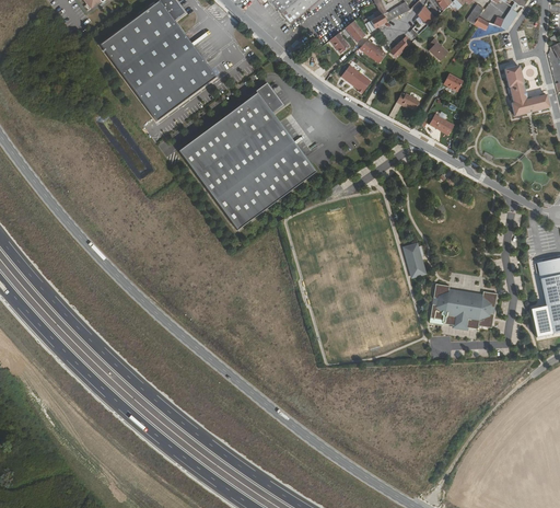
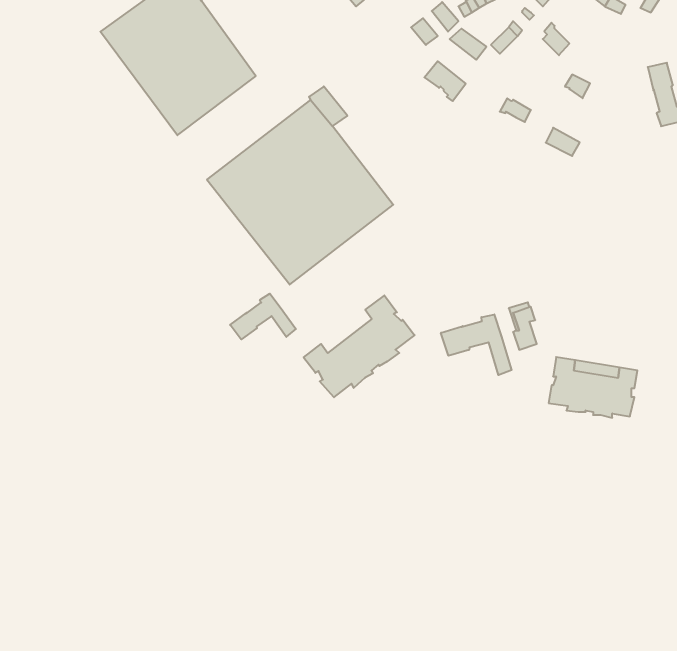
building: none -> [230,294,296,339]
building: none -> [304,295,415,397]
building: none -> [441,314,512,375]

